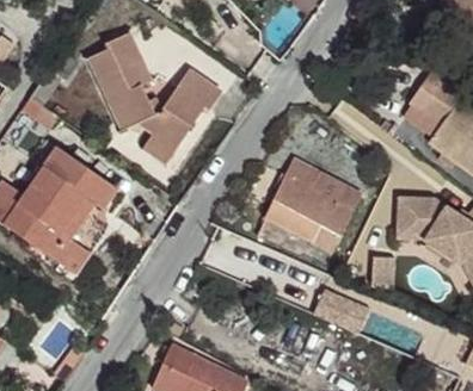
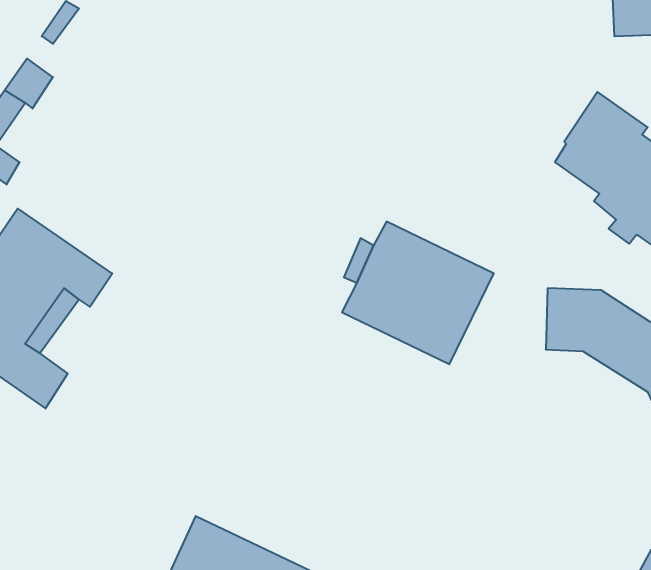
building: [88,32,222,163] -> none

